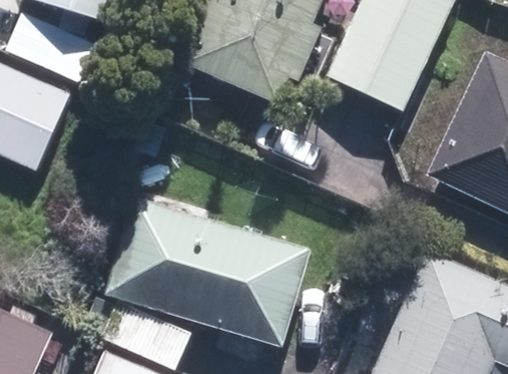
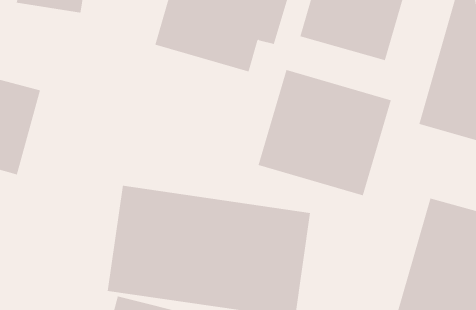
building: none -> [258,69,391,196]

